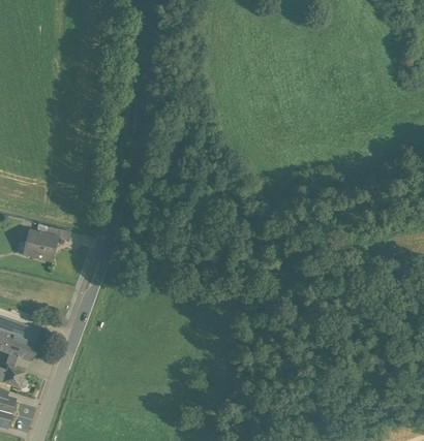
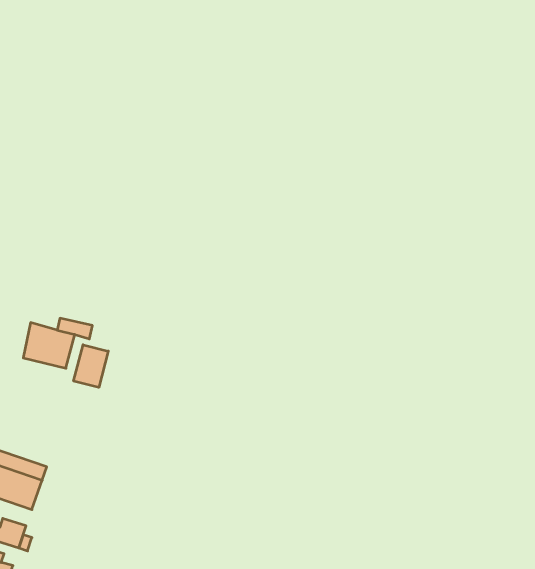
building: none -> [74,345,108,387]

